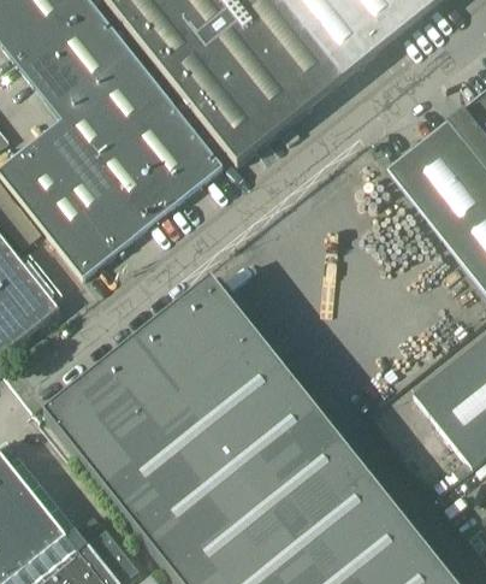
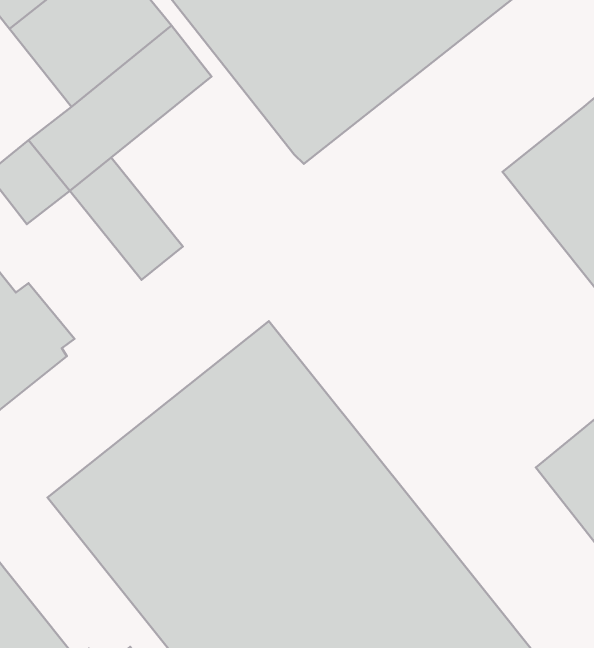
building: [91,95,221,224] -> none
building: [28,182,114,275] -> none

